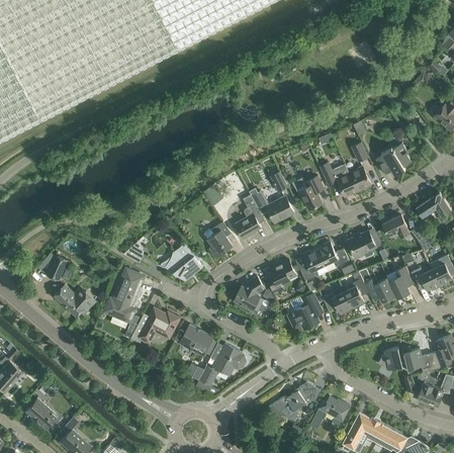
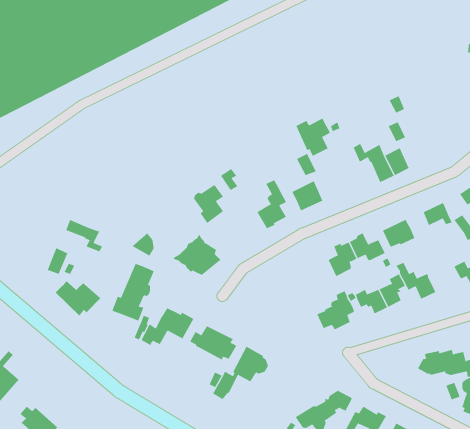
building: [376,142,412,173] -> none
building: [293,174,325,208] -> [296,118,331,156]
building: [204,220,232,256] -> [193,184,224,224]
building: none -> [65,219,103,252]
building: [269,259,296,291] -> none
building: [388,265,412,297] -> none
building: [234,275,265,309] -> none

